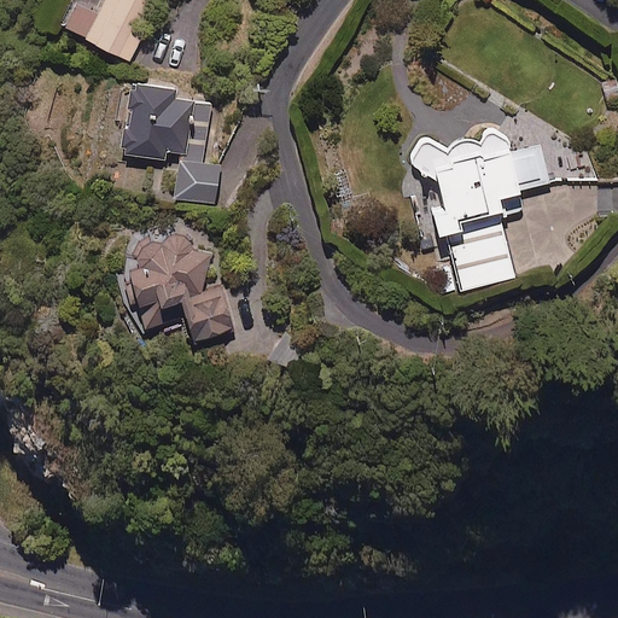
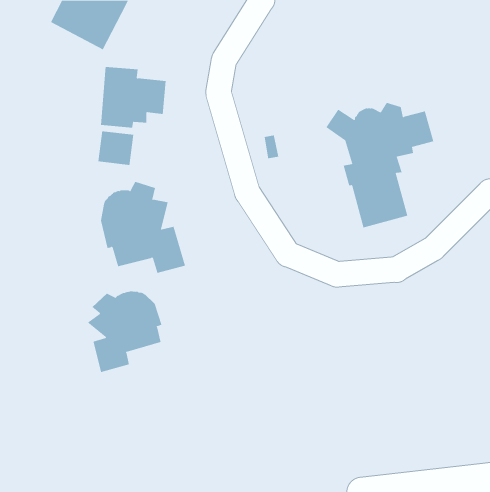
building: [175,162,221,205] -> [98,131,134,165]
building: none -> [87,290,162,373]

